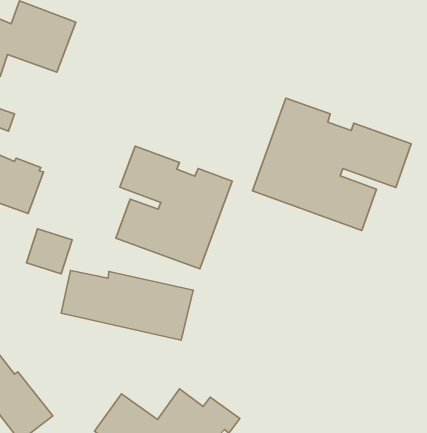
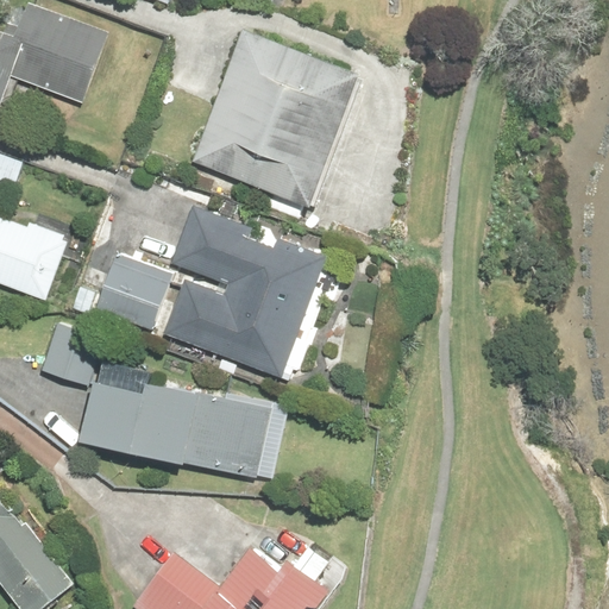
building: none -> [190,29,364,207]
building: [253,98,411,231] -> none
building: none -> [95,255,171,329]

